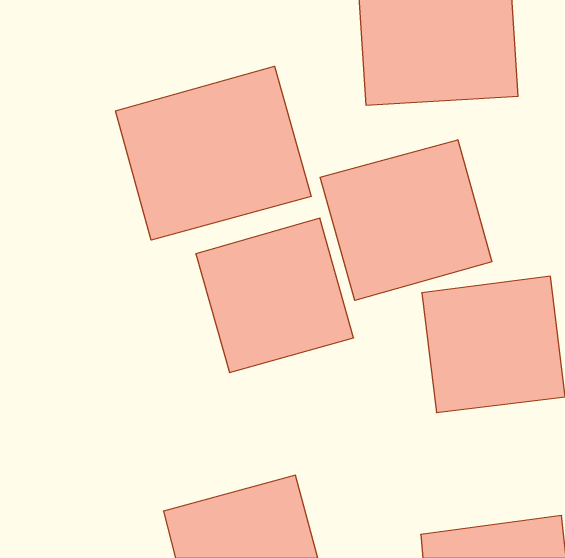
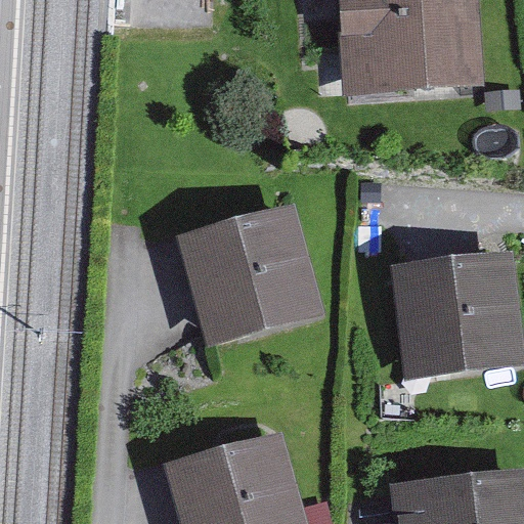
building: [115,66,311,240] -> none
building: [320,140,492,300] -> none

